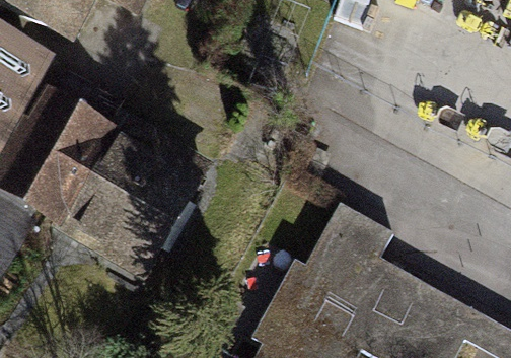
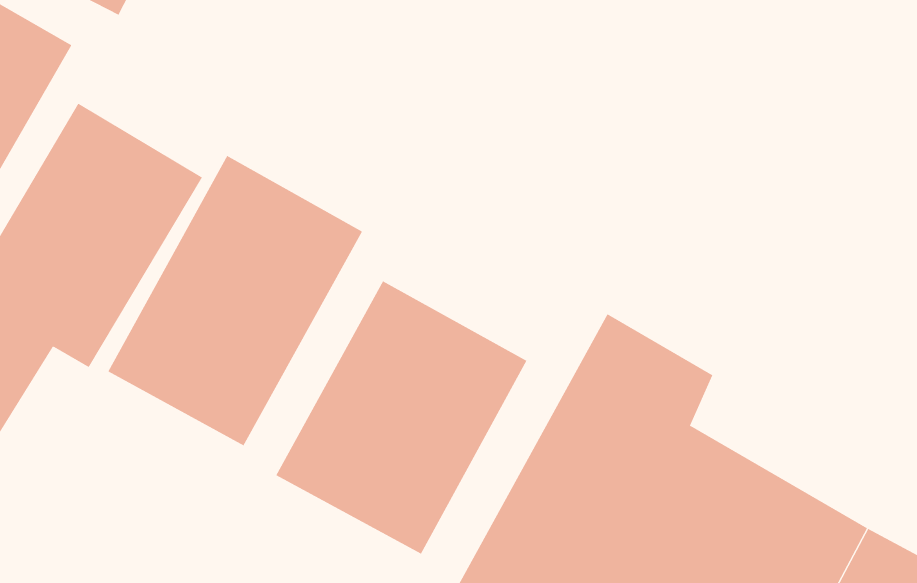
building: none -> [275,280,527,555]

